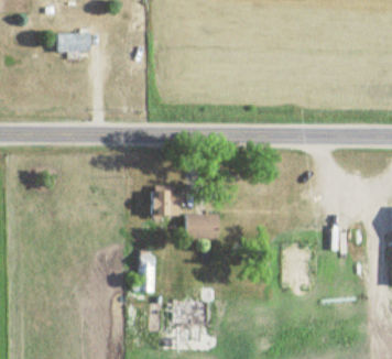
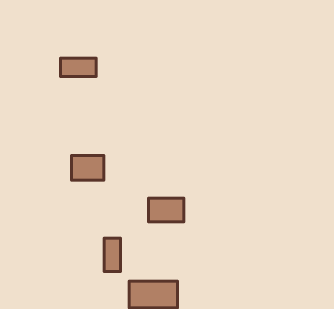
building: [56,33,92,52] -> [61,58,96,77]
building: [150,191,183,216] -> [72,155,104,180]

